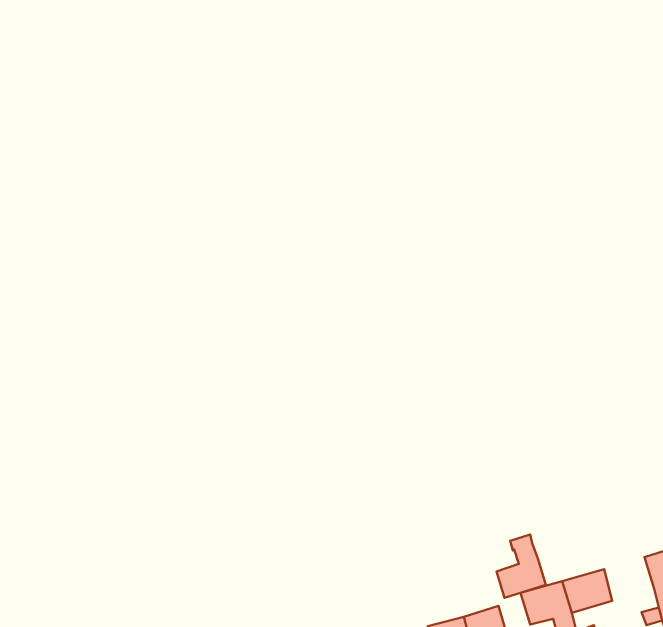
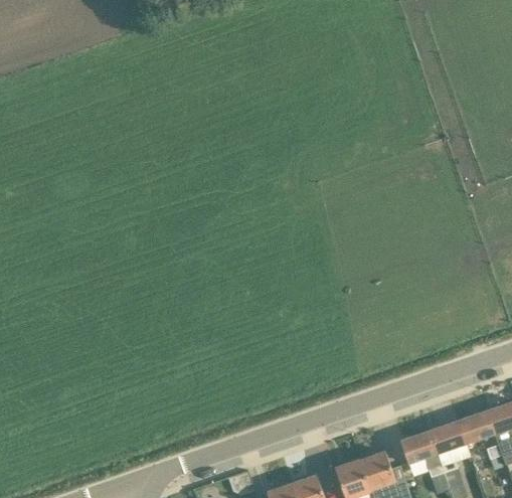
building: [497,534,546,598] -> none
building: none -> [459,411,495,444]

